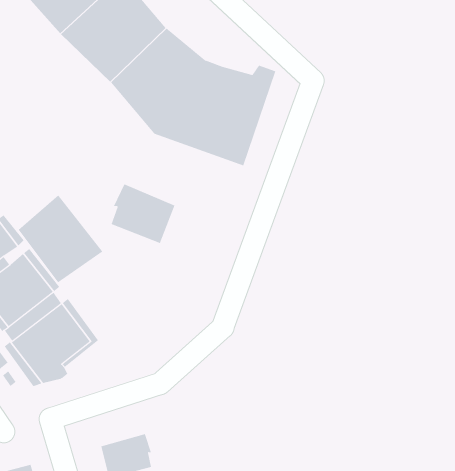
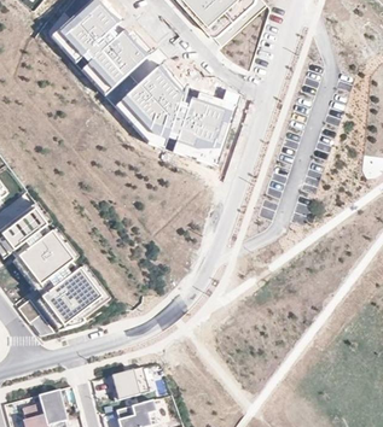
building: [111,183,175,244] -> none
building: [18,195,103,283] -> none

